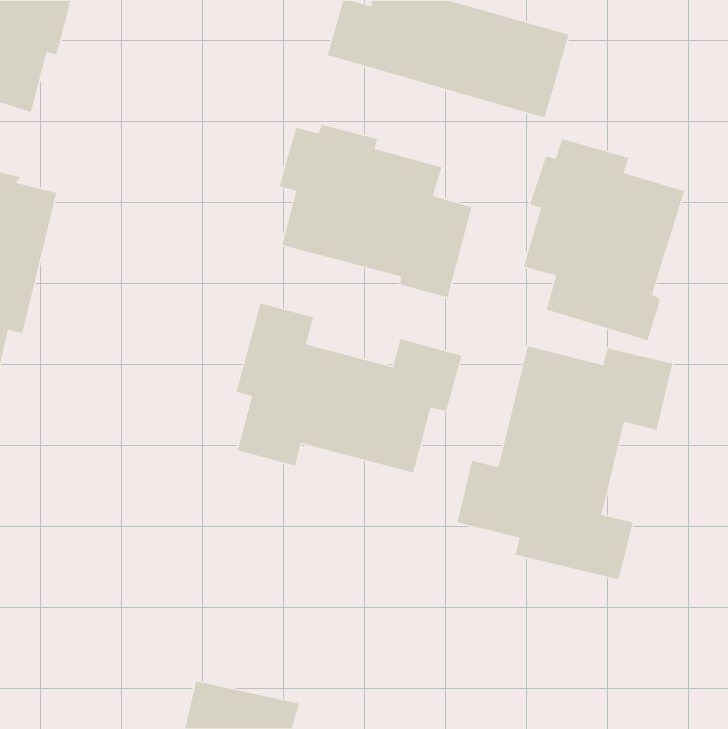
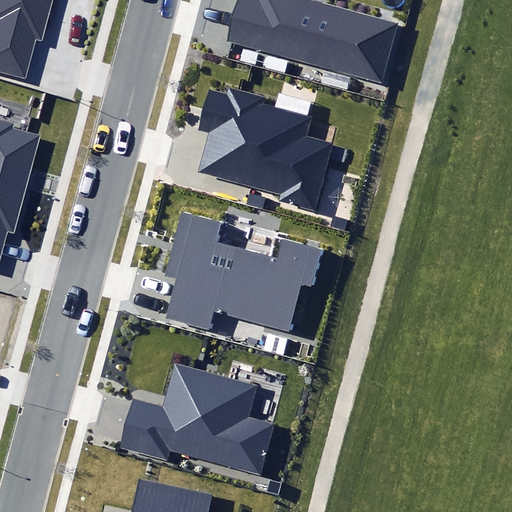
building: [523,138,685,341] -> none
building: [456,346,673,580] -> none
building: none -> [118,364,272,474]

